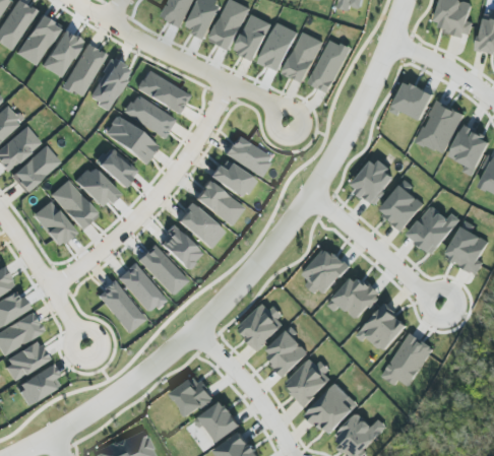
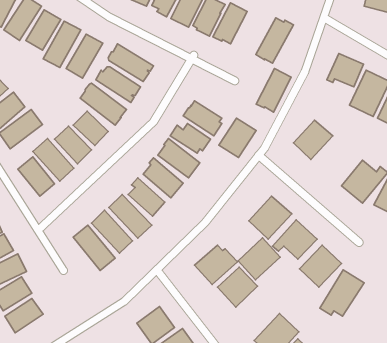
building: [283,31,323,82] -> [256,68,291,112]
building: none -> [219,118,256,158]
building: [379,180,425,230] -> none
building: [285,356,333,405] -> [238,238,280,280]

